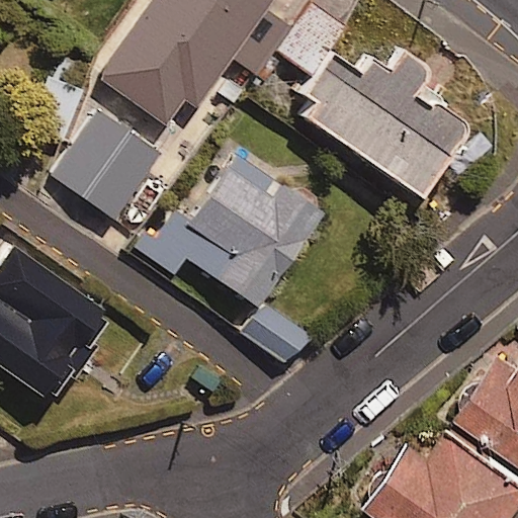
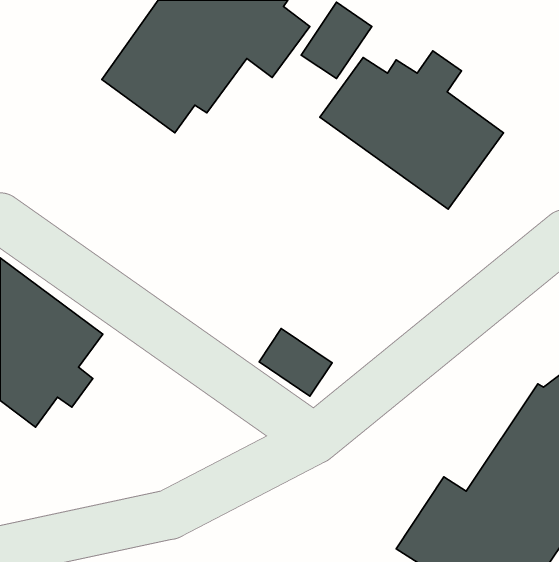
building: [55,112,158,218] -> none
building: [147,153,322,306] -> none

